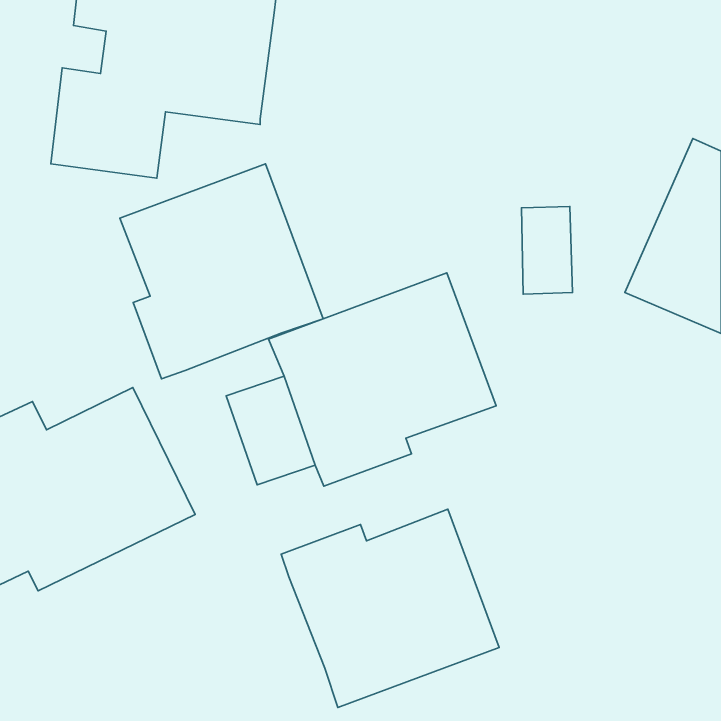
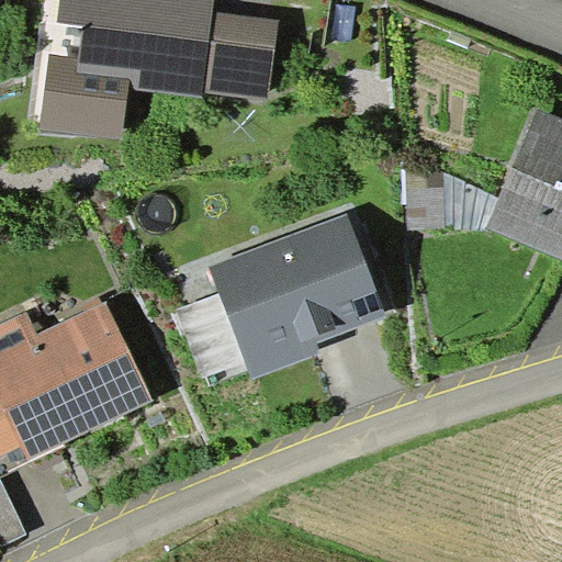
building: none -> [202,10,279,101]
building: [120,164,323,379] -> none
building: [281,509,499,707] -> none

